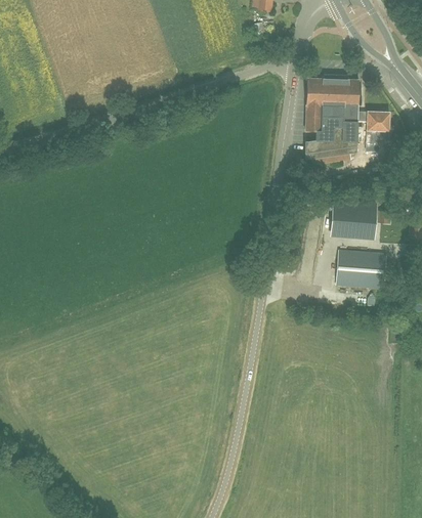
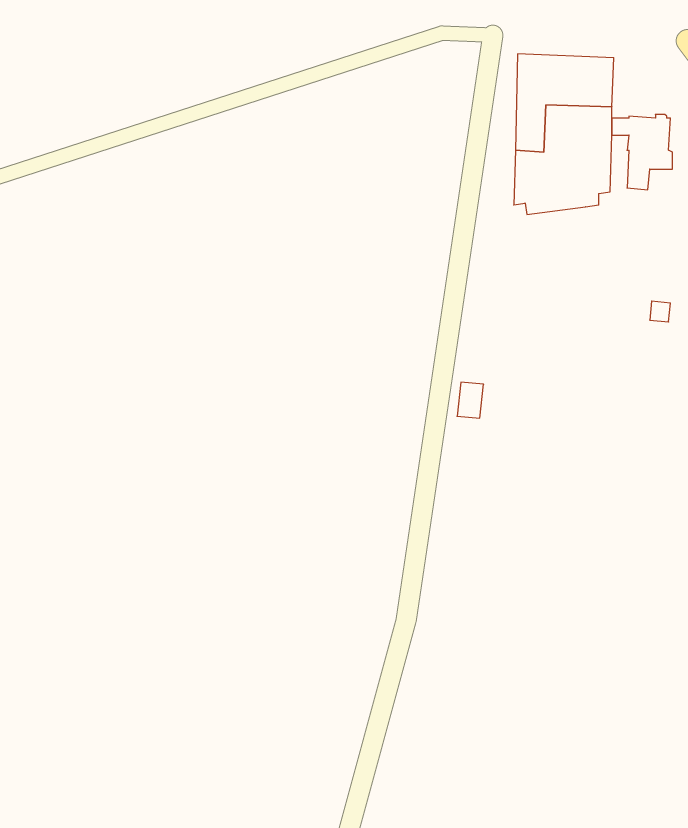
building: [331,203,376,231] -> none
building: [336,250,385,288] -> none

